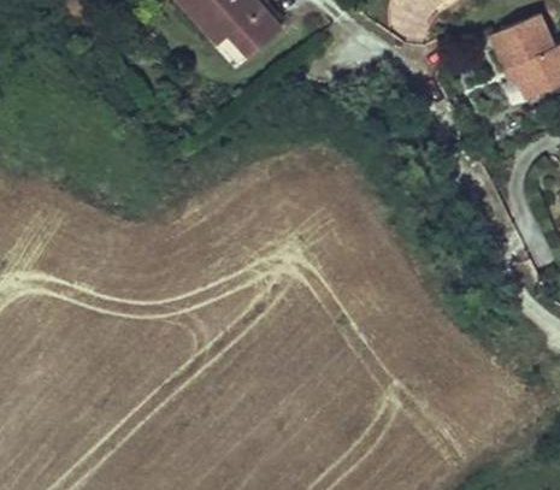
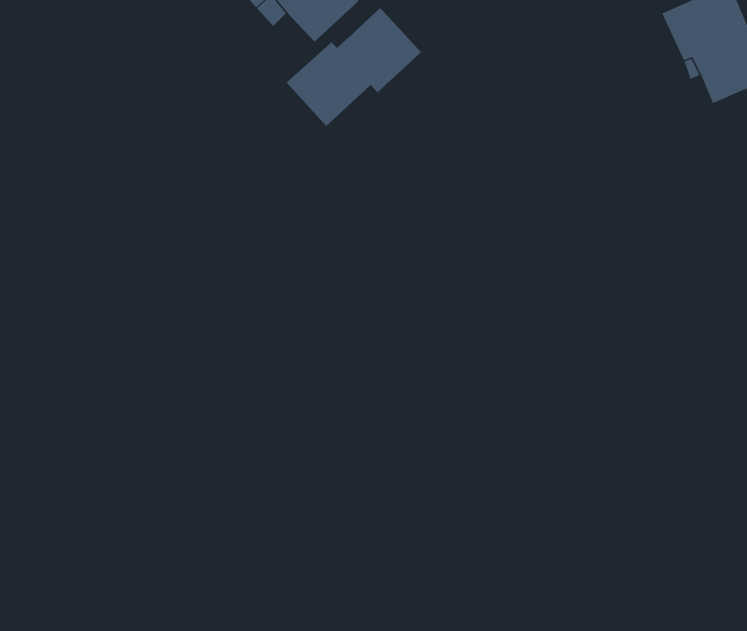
building: none -> [286,7,422,127]

